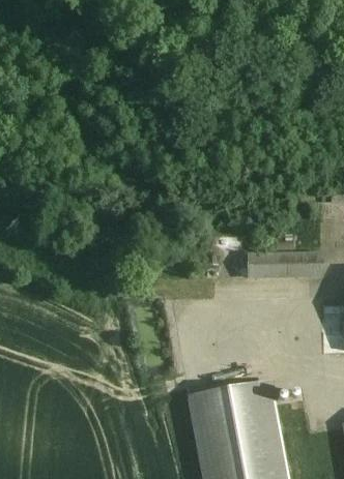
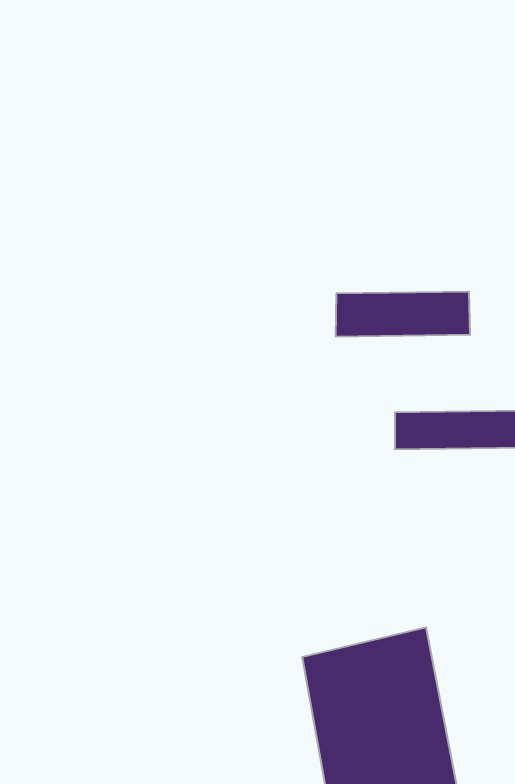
building: none -> [336,291,470,337]

